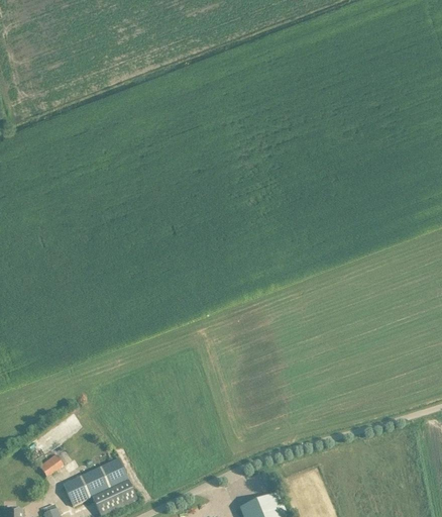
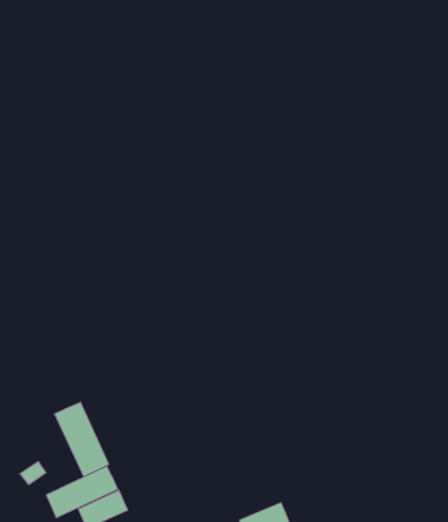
building: none -> [55,402,109,477]

